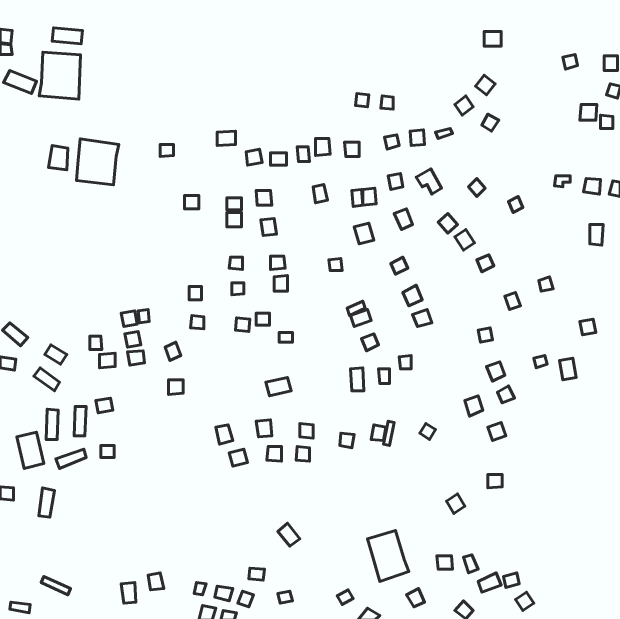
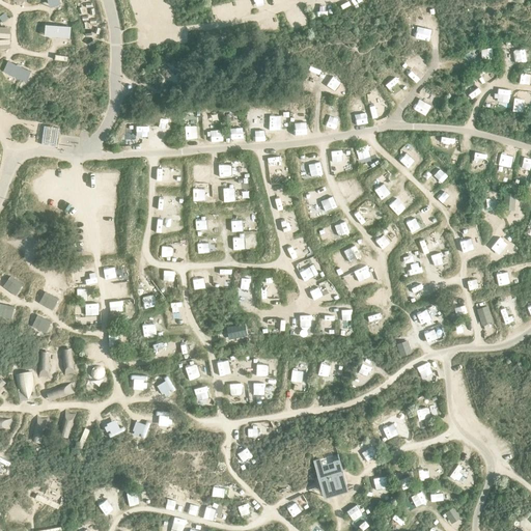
building: [39,52,80,99] -> none
building: [77,139,119,185] -> none

